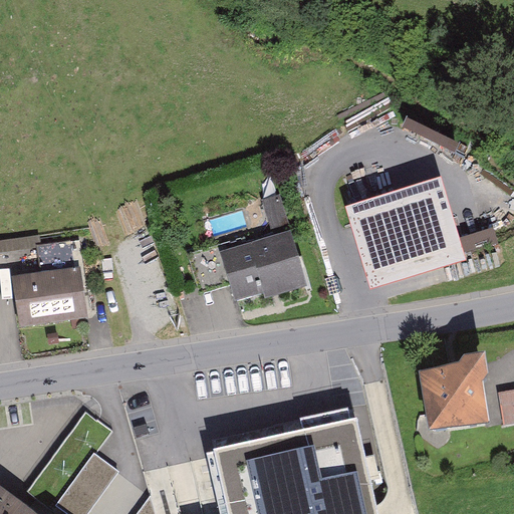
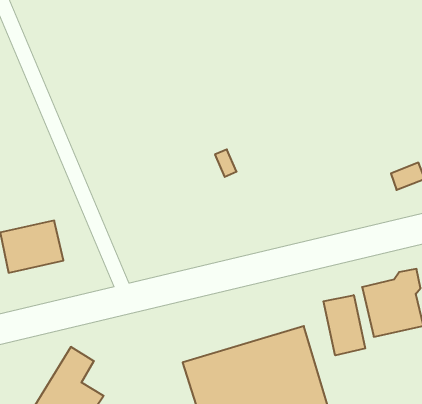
building: [345,183,467,293] -> none
building: [224,234,302,297] -> none
building: none -> [323,295,365,355]

